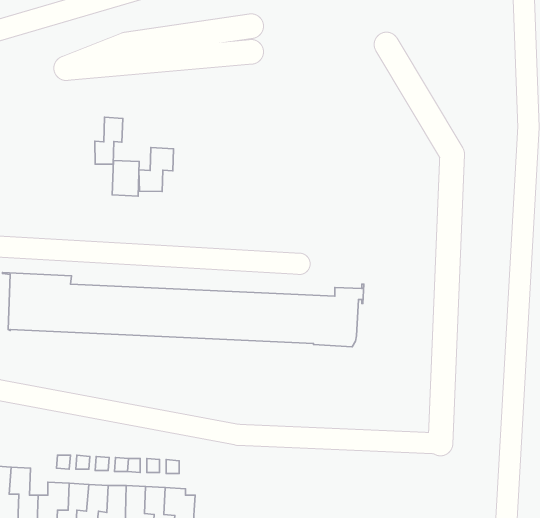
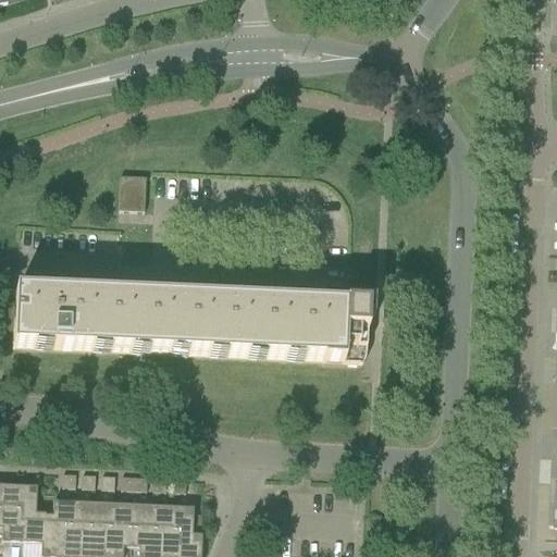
building: [95,117,123,164] -> none
building: [139,148,173,191] -> none

